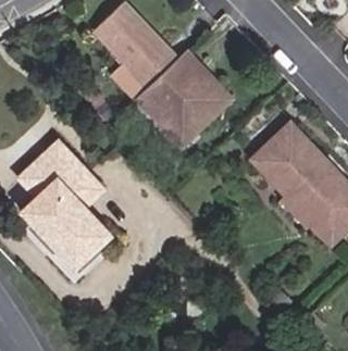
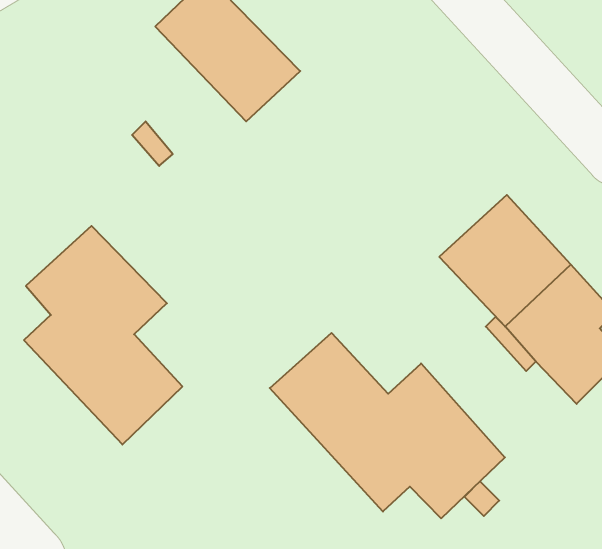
building: [135,50,228,143] -> none
building: none -> [270,333,505,518]

